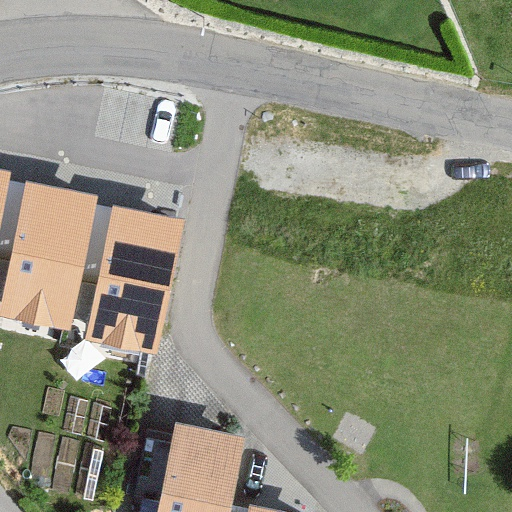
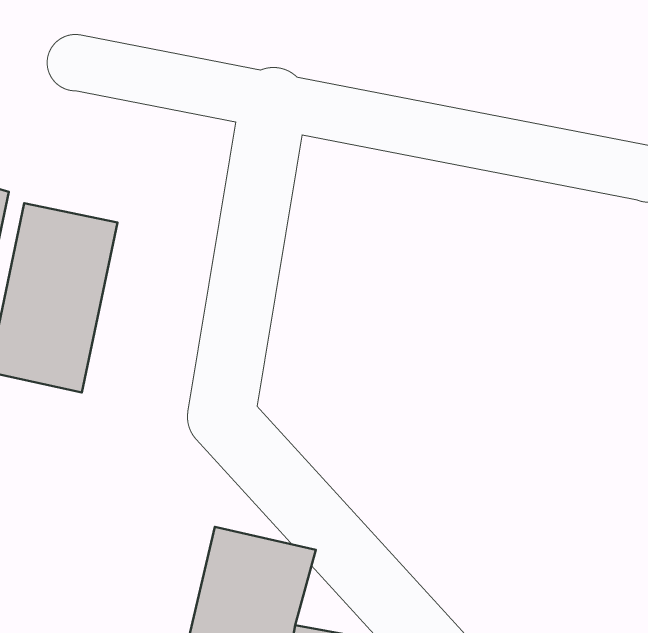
building: [82,197,183,346] -> none

